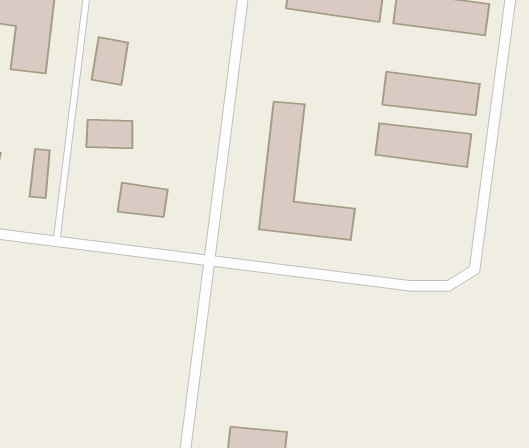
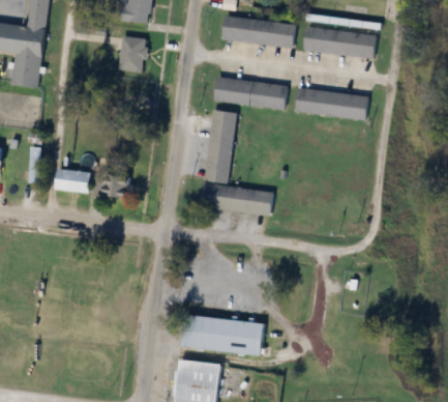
building: [92,37,128,85] -> [118,36,146,73]
building: [86,120,132,148] -> [56,170,91,192]
building: [375,123,471,167] -> [214,77,288,110]
building: none -> [181,315,265,354]

